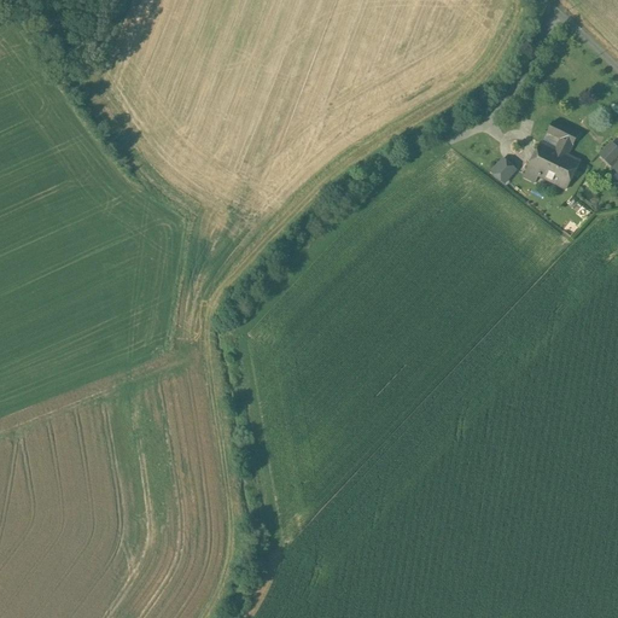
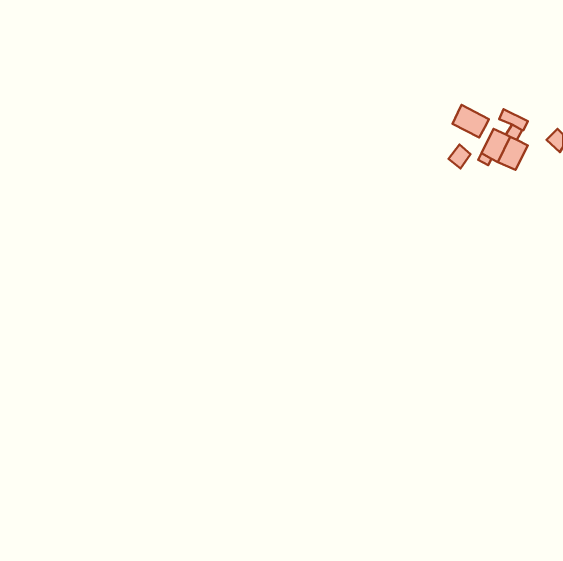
building: none -> [453,105,489,137]

